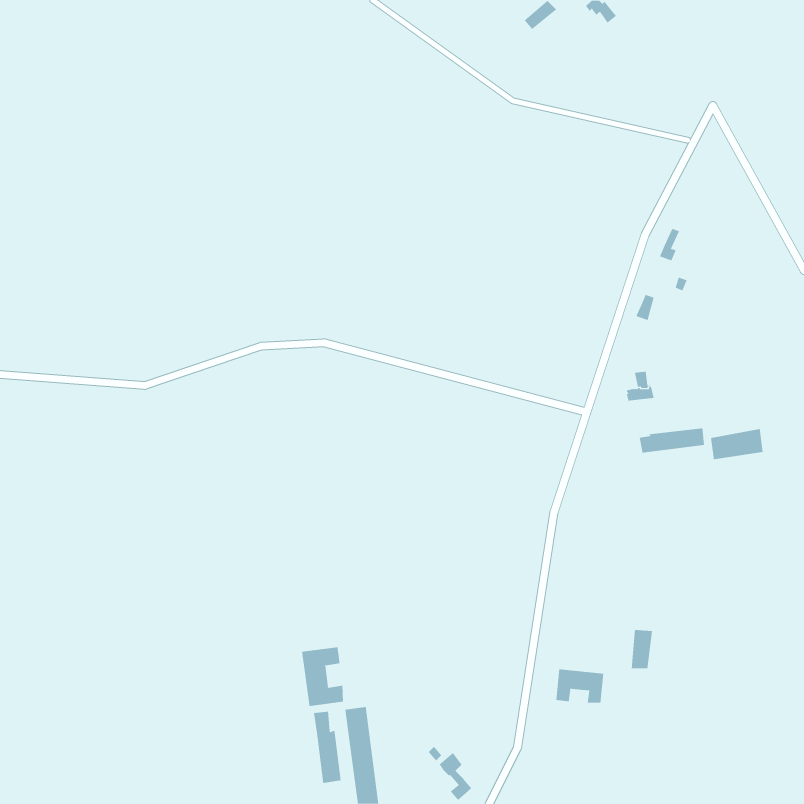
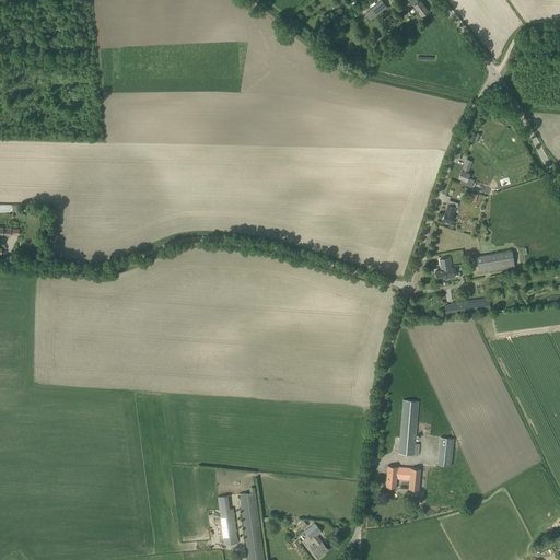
building: [710,428,764,460] -> [477,250,514,272]
building: none -> [398,399,420,455]
building: [302,647,343,707] -> none

